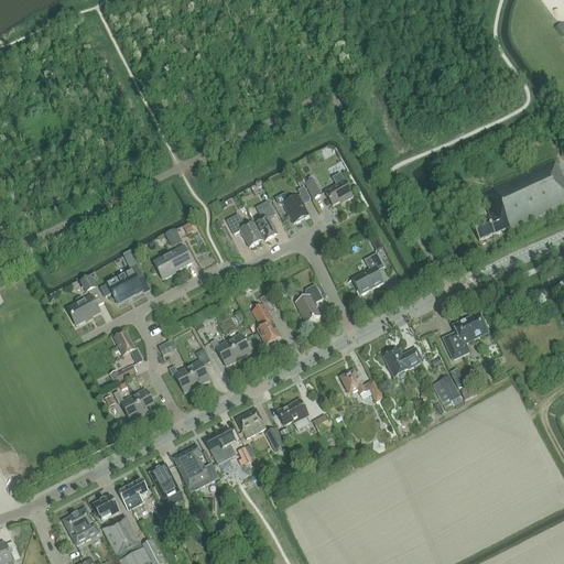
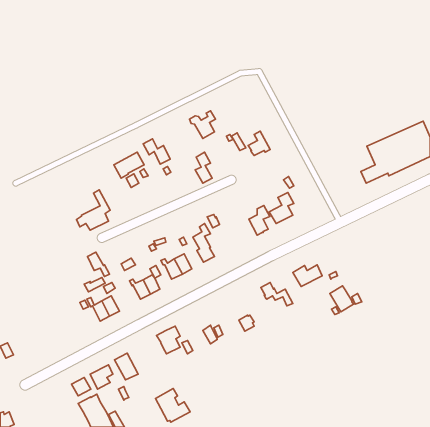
building: [276,186,311,223] -> [189,111,215,139]
building: [227,213,262,246] -> [143,139,170,164]
building: [153,245,193,279] -> [114,152,144,178]
building: [68,273,105,324] -> none
building: [295,284,323,323] -> [249,206,270,235]
building: [443,312,488,359] -> none
building: [278,398,310,425] -> none
building: [236,408,267,438] -> none
building: [174,445,219,489] -> [156,388,190,422]
building: [63,508,99,544] -> none

